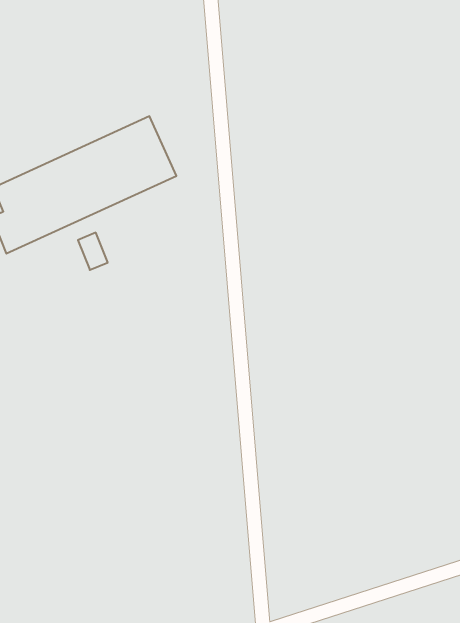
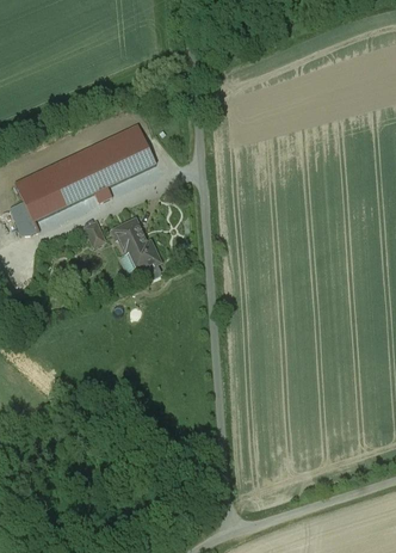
building: none -> [109,214,160,271]

